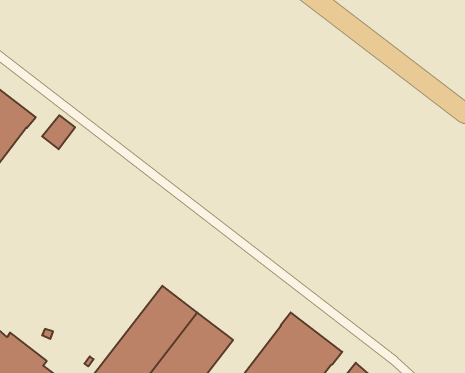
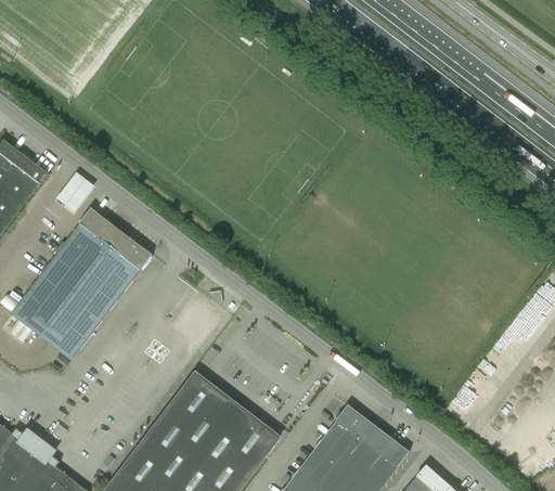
building: none -> [10,209,152,361]

